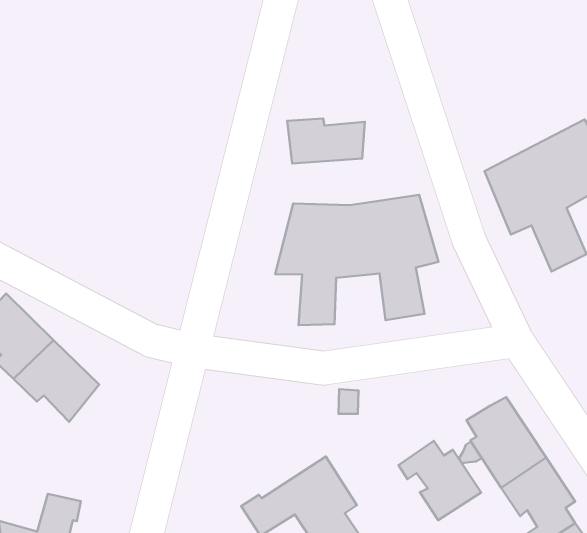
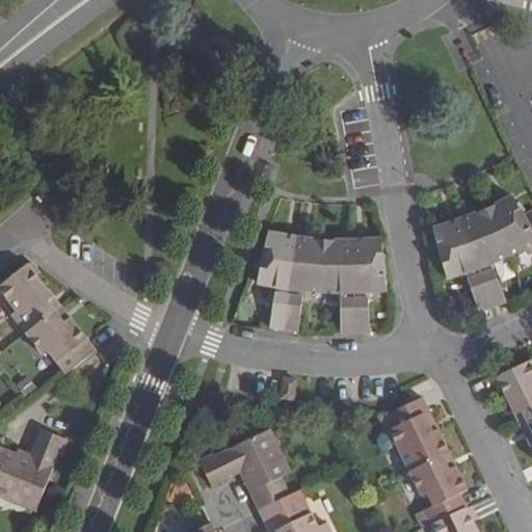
building: [287,119,365,163] -> none
building: [398,441,481,520] -> none

